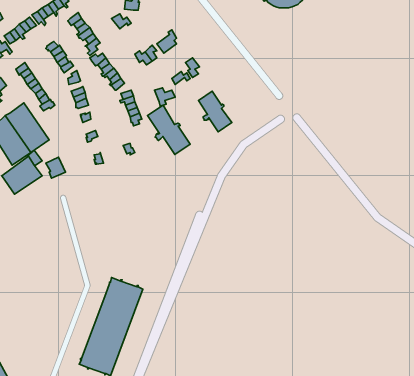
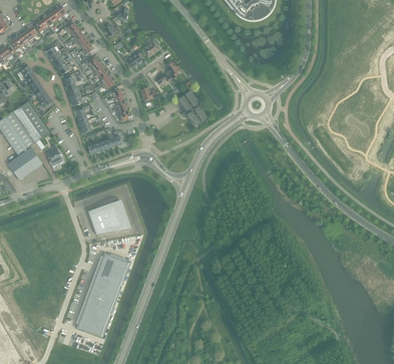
building: [148,105,190,154] -> none
building: none -> [87,200,129,234]

